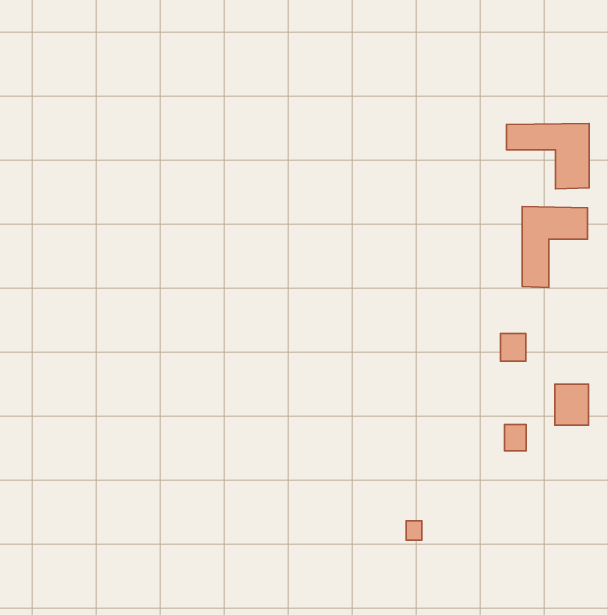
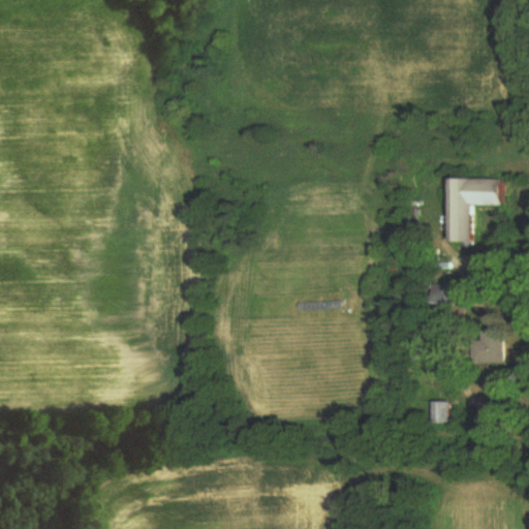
building: [507,124,589,189] -> none
building: [505,424,526,451] -> [430,400,448,423]

